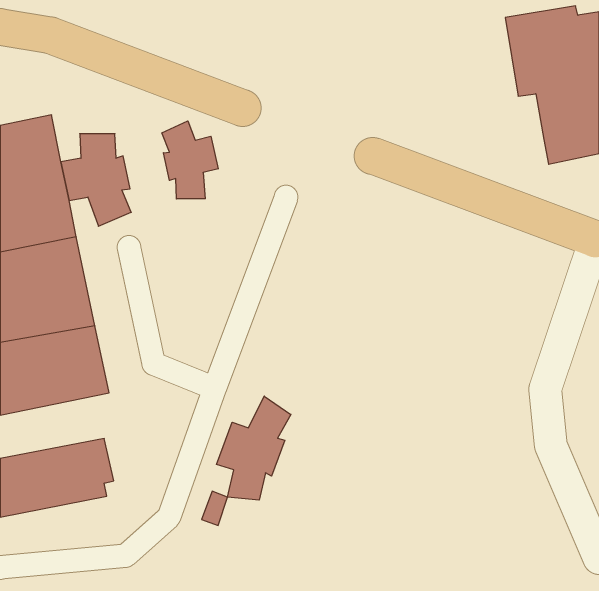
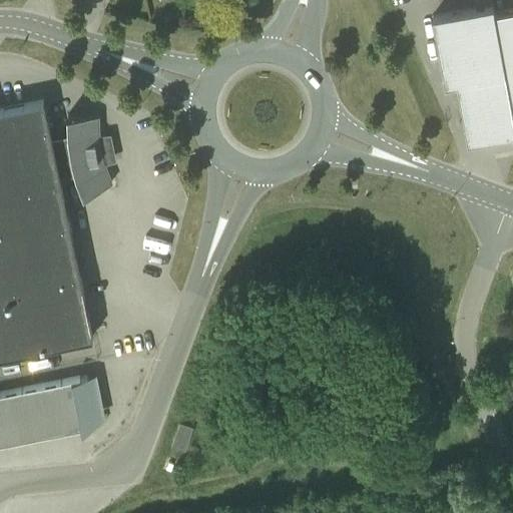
building: [162,121,218,199] -> none
building: [217,396,291,500] -> none

